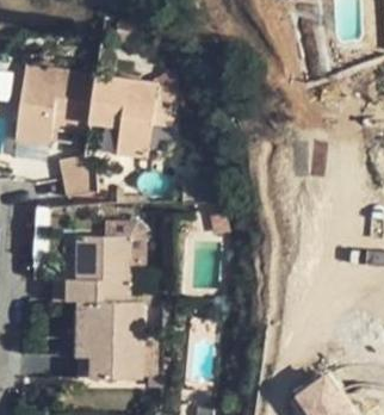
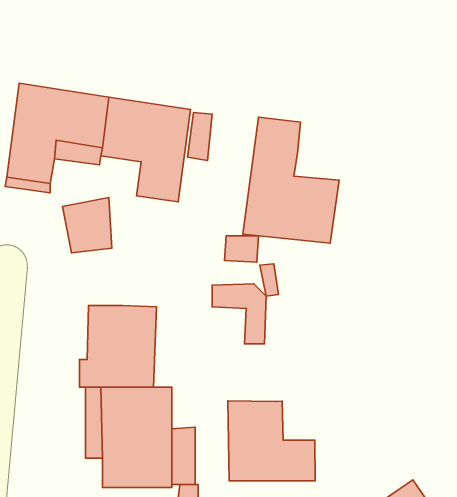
building: none -> [243,117,339,243]
building: [104,221,145,267] -> [212,284,266,344]
building: none -> [228,401,315,481]

